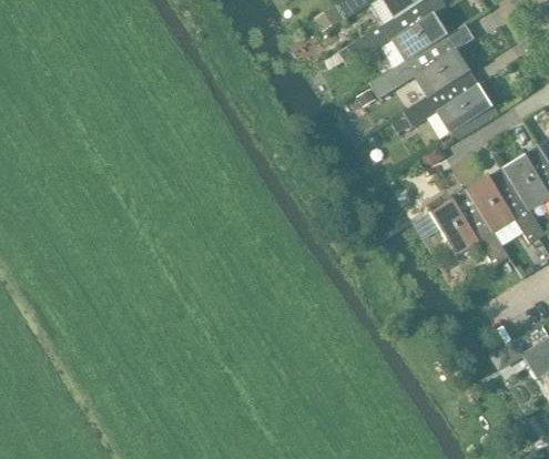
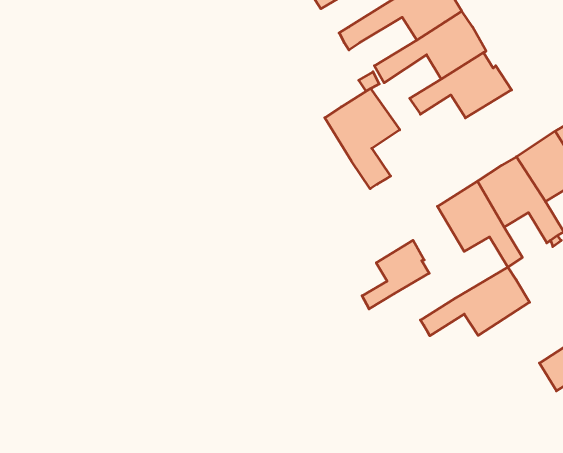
building: none -> [325,89,400,189]
building: none -> [362,240,429,309]
building: none -> [420,267,530,336]

